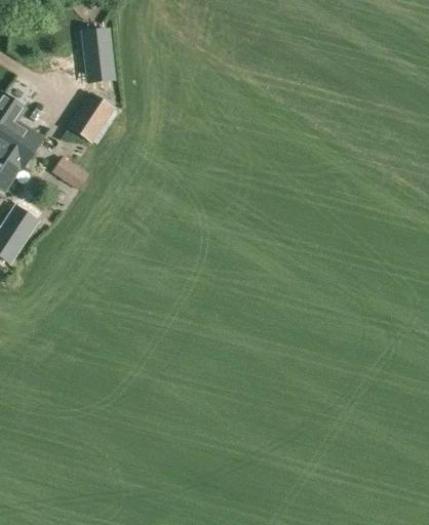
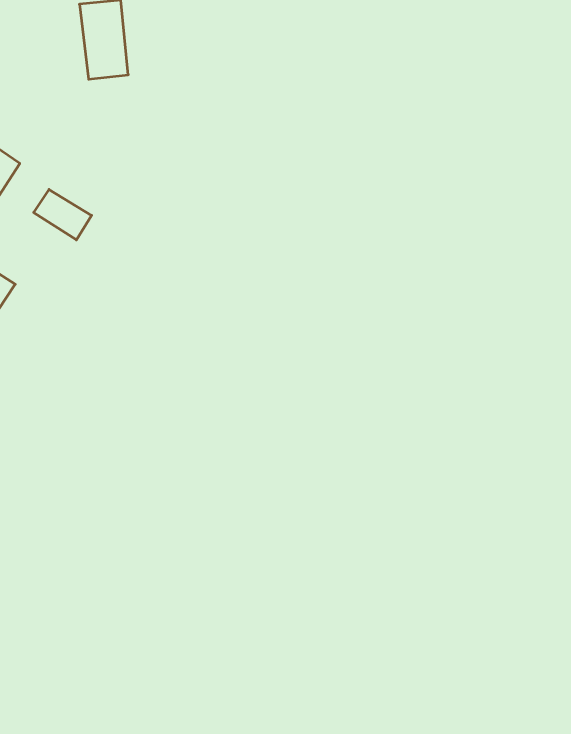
building: [67,93,112,142] -> none

